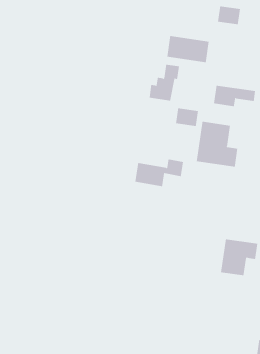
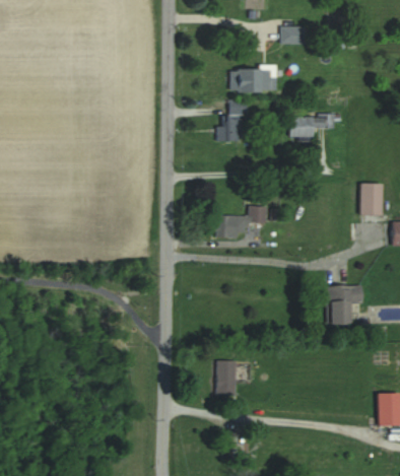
building: [176,107,198,127] -> none
building: [196,121,238,167] -> none
building: none -> [216,361,236,395]

